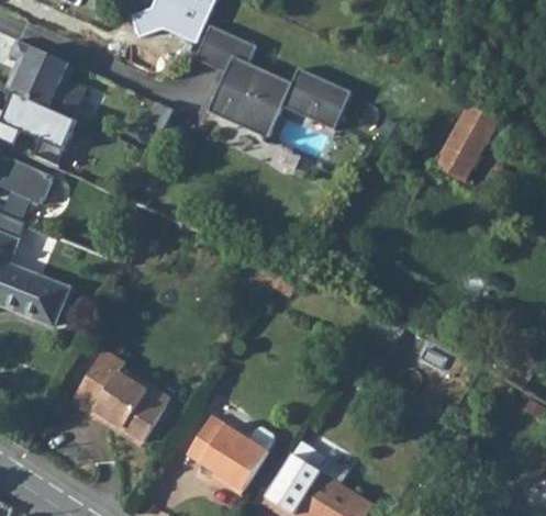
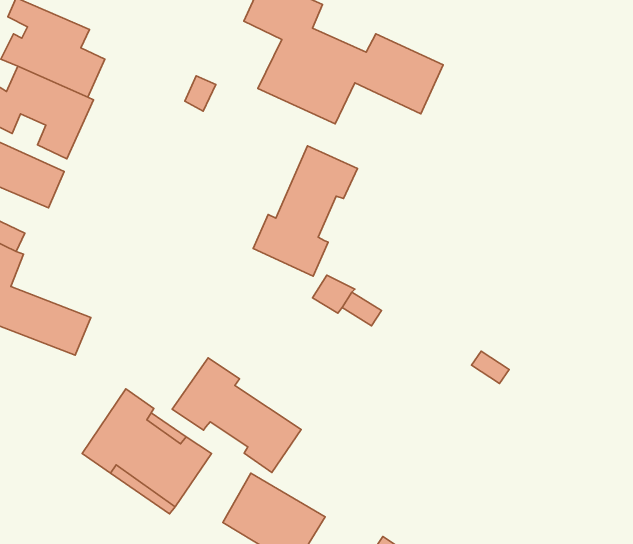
building: [432,108,495,183] -> none
building: none -> [253,146,357,276]
building: none -> [172,358,301,472]

